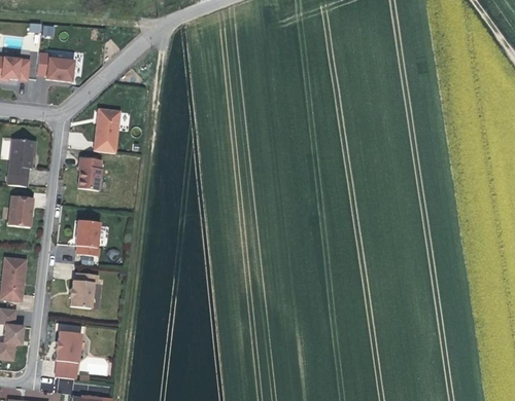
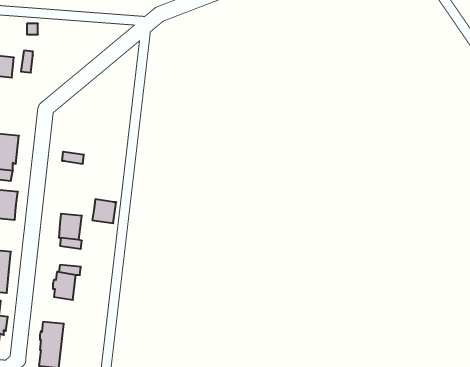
building: [46,58,74,81] -> none
building: [94,109,121,153] -> none
building: [78,166,103,190] -> [92,199,116,223]

